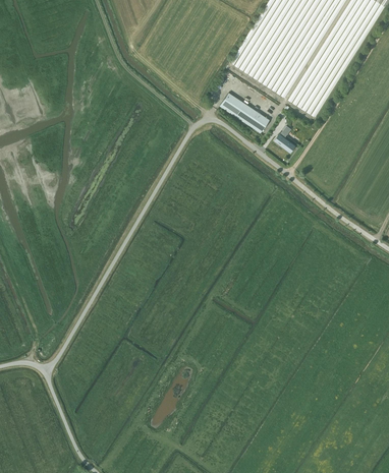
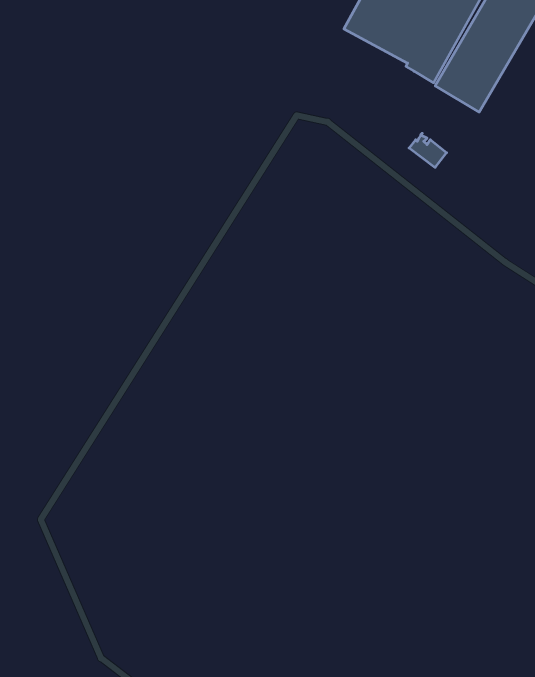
building: [218,92,268,132] -> none

